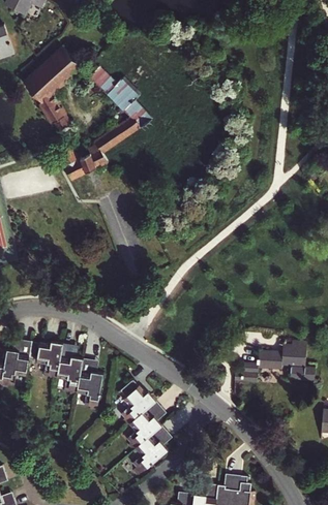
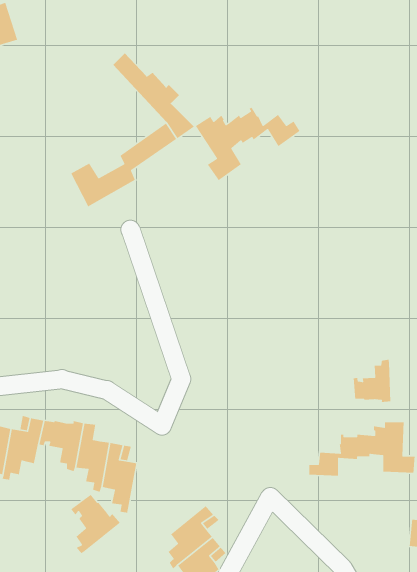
building: [21,46,78,131] -> none
building: none -> [195,106,300,181]
building: none -> [353,359,391,403]
building: [120,382,158,428] -> [70,494,121,554]

